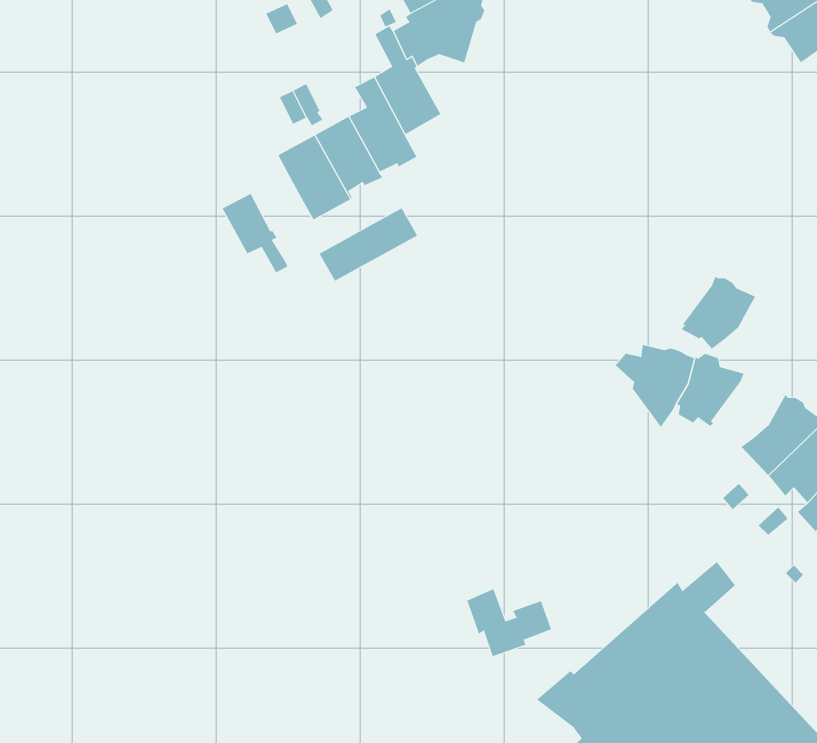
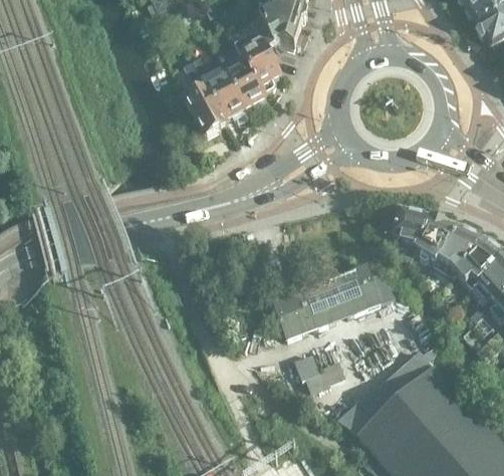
building: [222,193,288,273] -> none
building: [319,207,418,282] -> none
building: [681,276,756,350] -> [440,228,484,271]
building: none -> [273,265,397,339]

